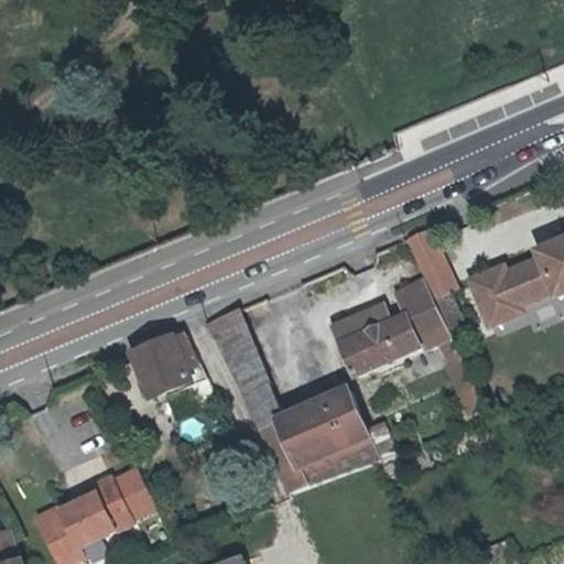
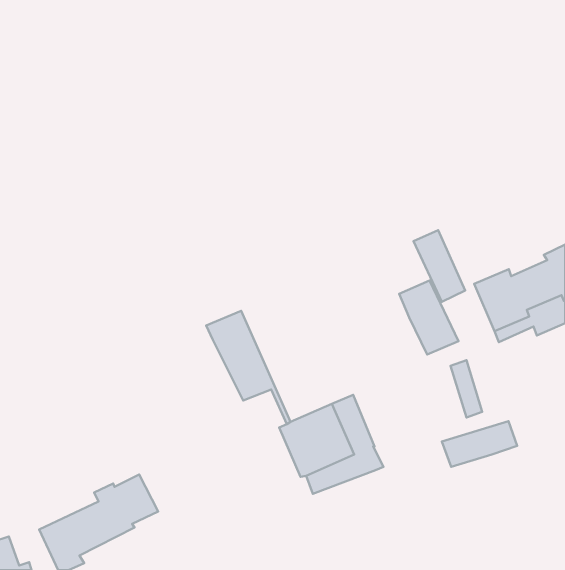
building: [330,296,420,378] -> none
building: [129,329,206,400] -> none
building: [239,382,307,491] -> none
building: none -> [442,421,517,467]

